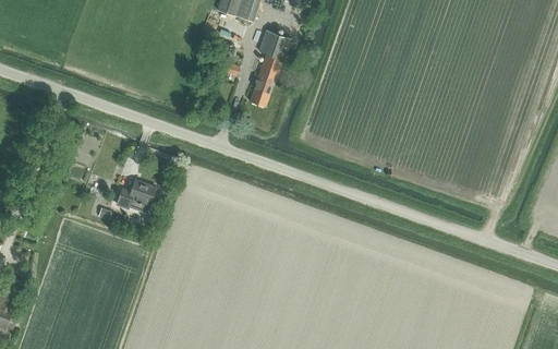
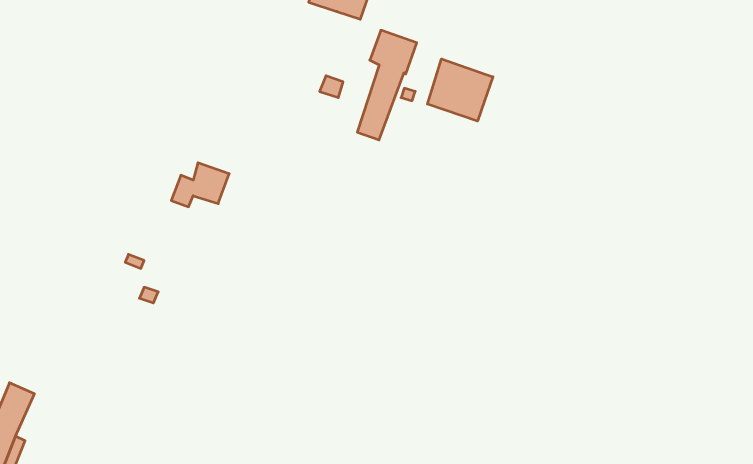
building: none -> [427,59,493,121]
building: [114,179,155,209] -> [171,163,229,207]

